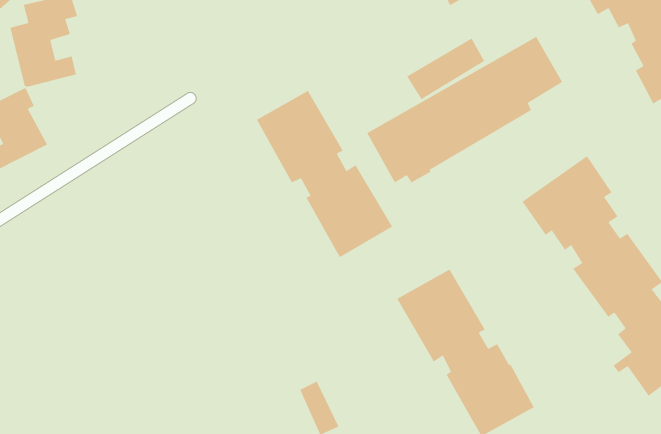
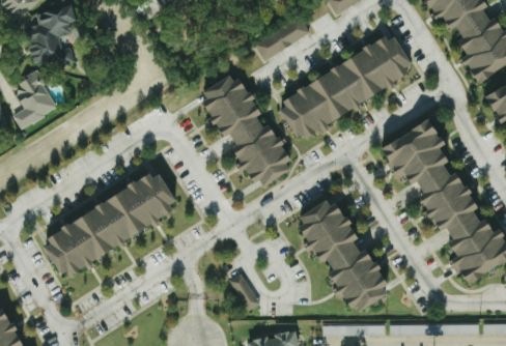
building: [406,37,485,100] -> [252,17,307,60]
building: none -> [46,170,176,277]

